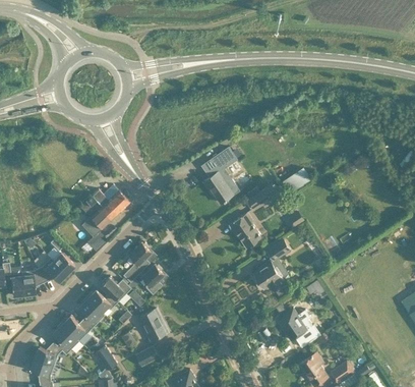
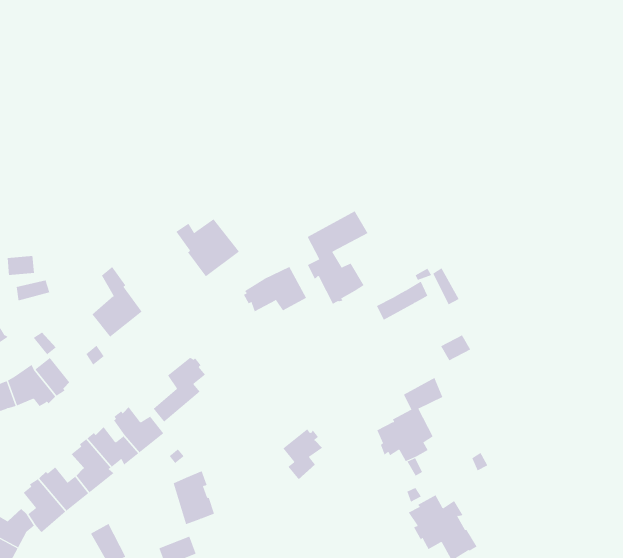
building: none -> [243,266,307,312]
building: [92,185,130,220] -> [175,219,240,277]
building: [230,213,262,248] -> none
building: [142,265,166,295] -> [283,429,323,480]

